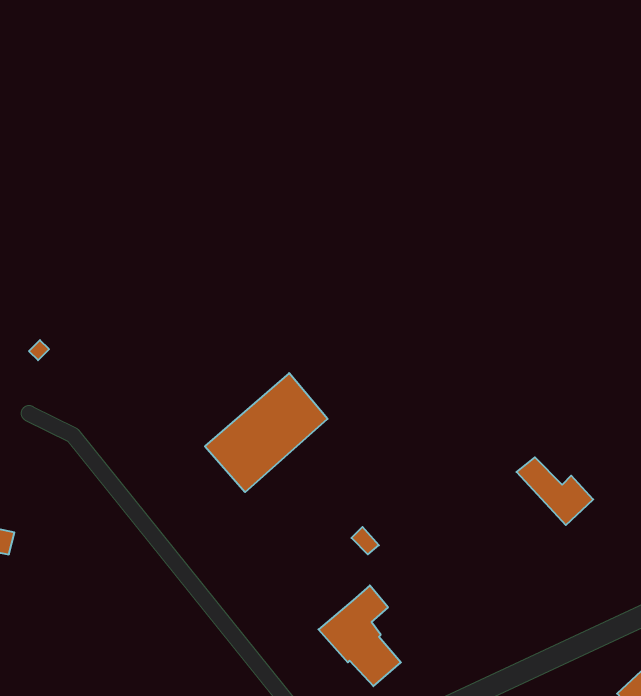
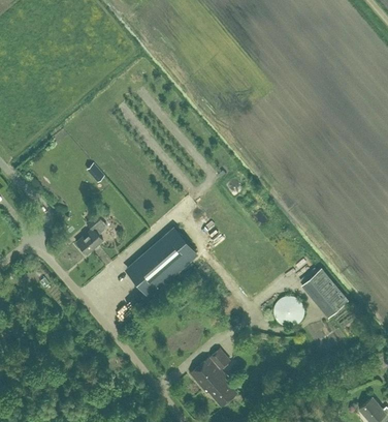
building: none -> [75,214,105,254]
building: none -> [272,297,302,327]

